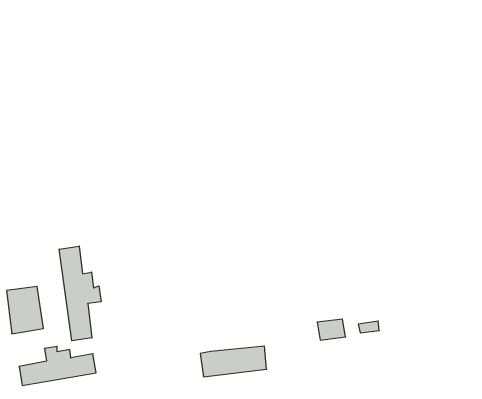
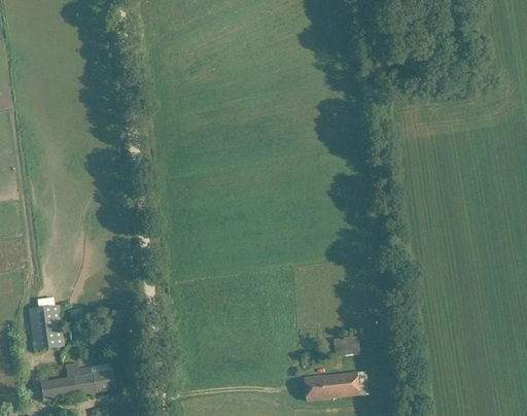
building: [59,246,101,341] -> none
building: [200,346,267,377] -> [303,371,367,401]

